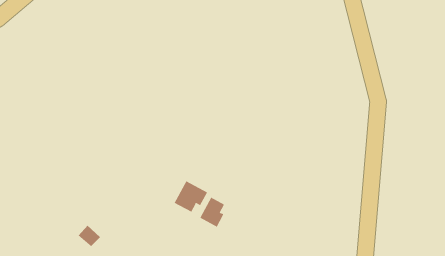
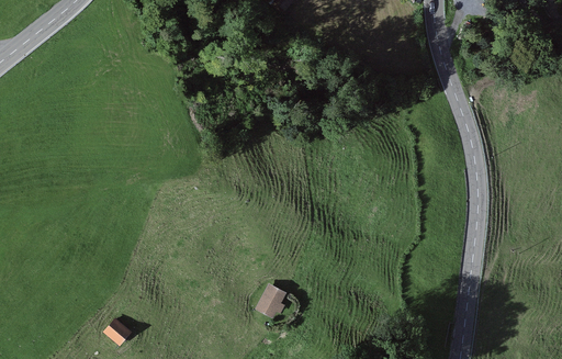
building: [174,181,208,212] -> none

